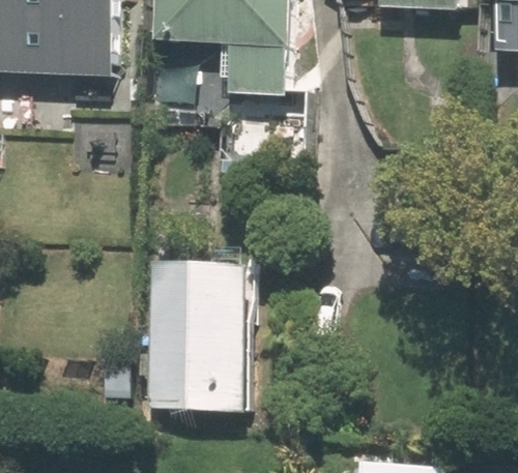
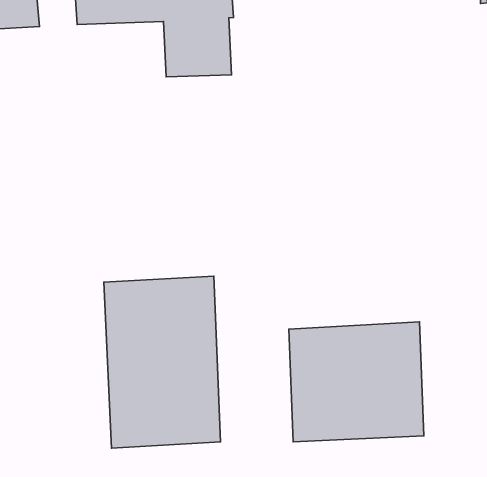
building: none -> [289,322,424,442]

